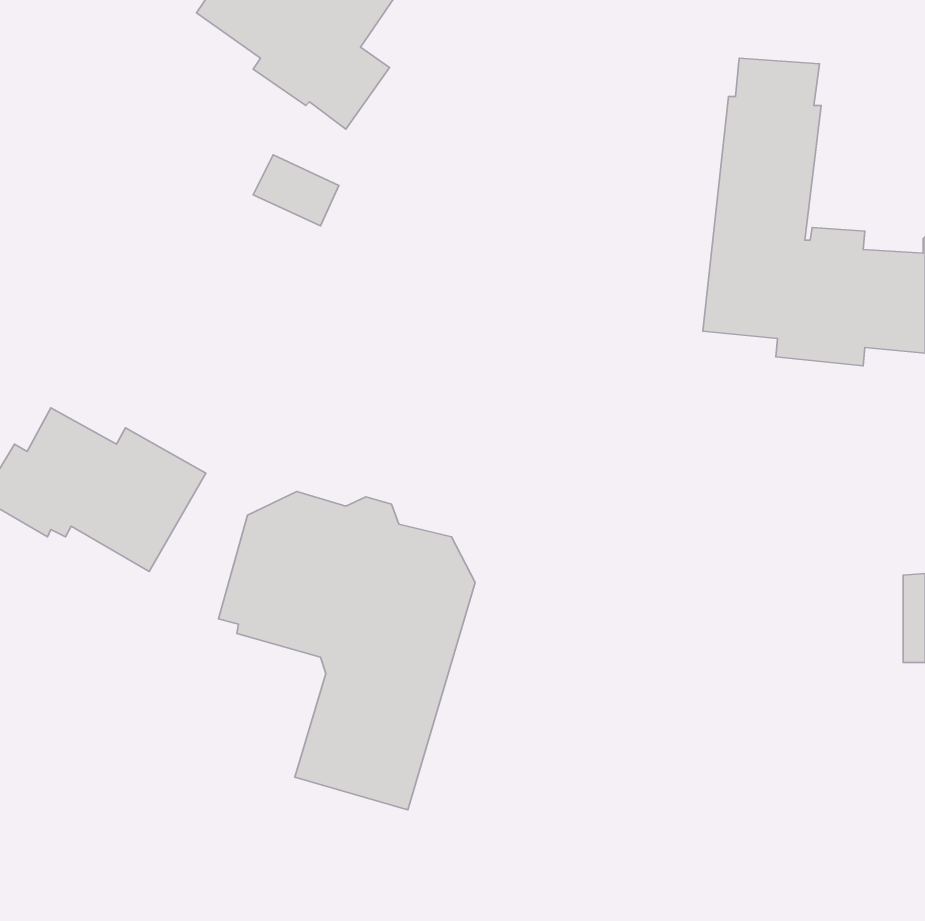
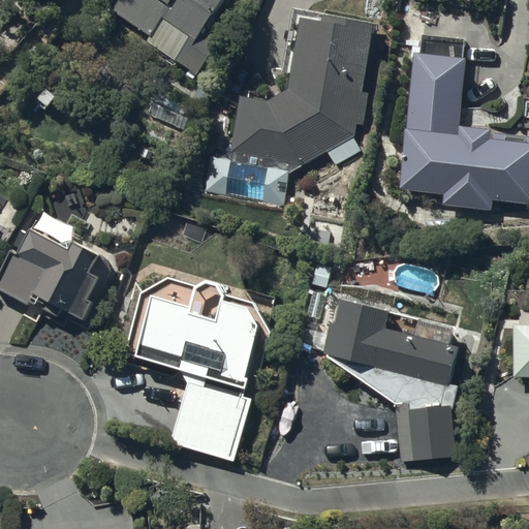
building: none -> [227,18,373,169]
building: none -> [322,299,459,459]

